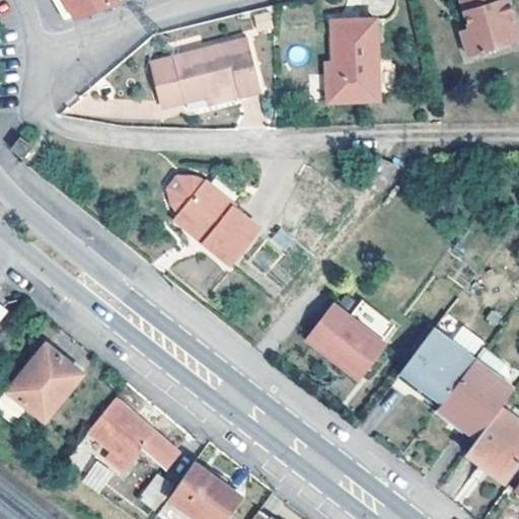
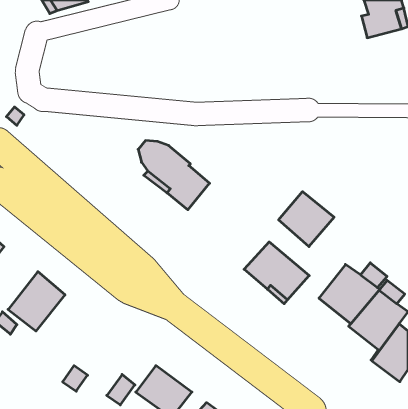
building: [322,17,374,97] -> none
building: [150,36,257,105] -> none
building: none -> [279,192,334,247]
building: [90,400,180,471] -> none

